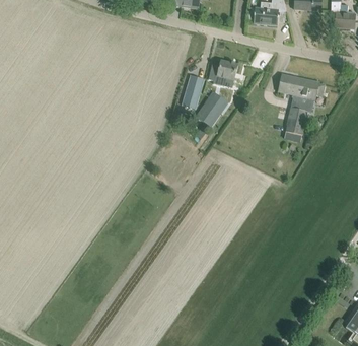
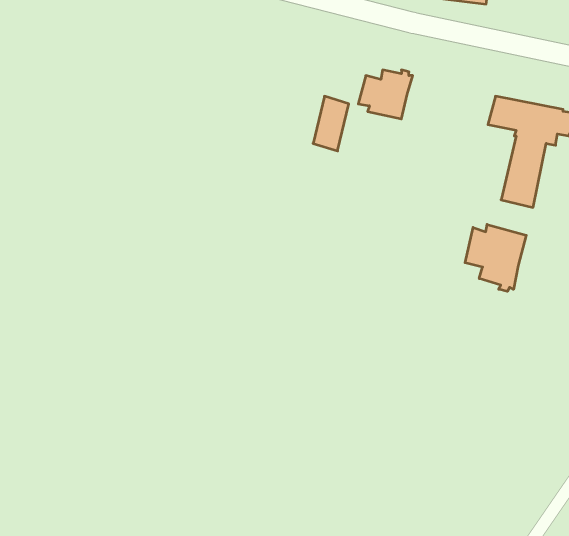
building: [193,91,228,130] -> none
building: none -> [465,224,526,291]

